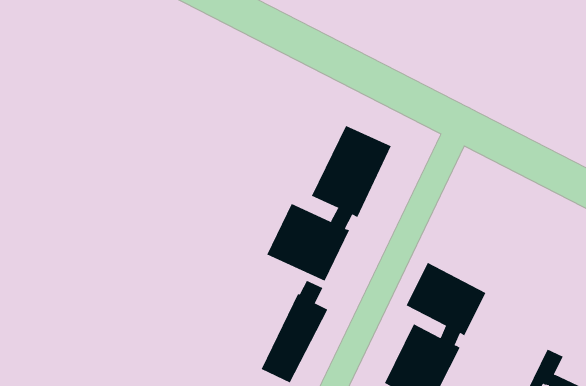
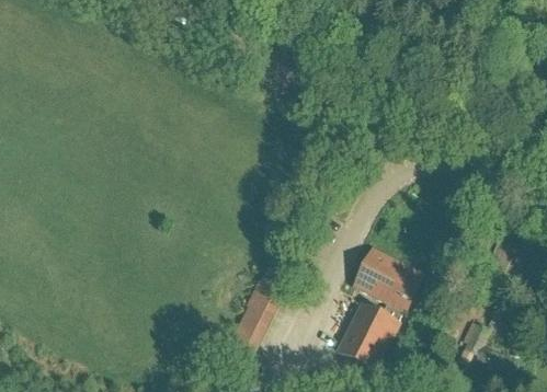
building: [267,125,392,281] -> none

